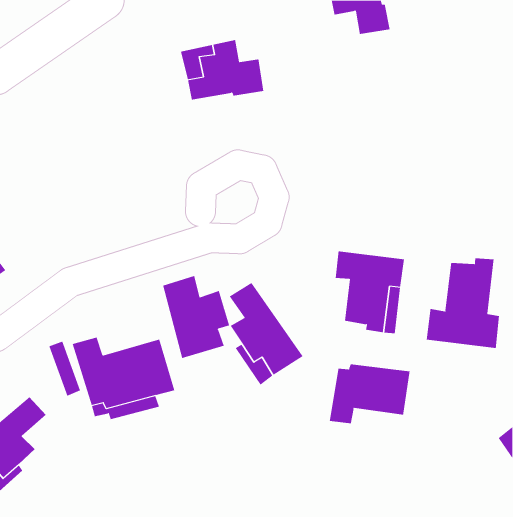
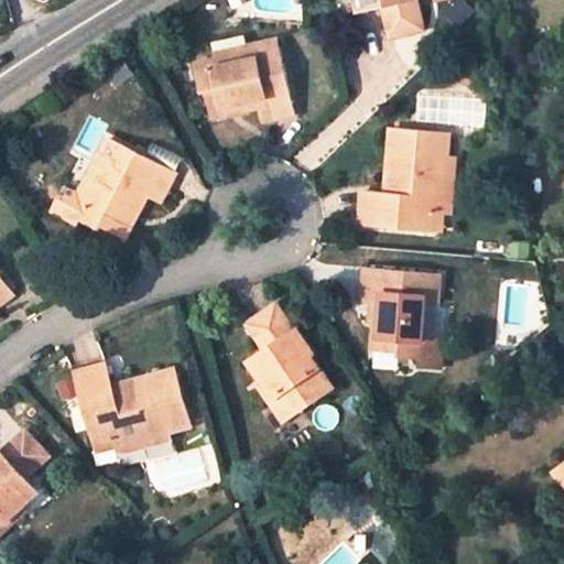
building: none -> [47,133,169,229]
building: none -> [362,133,448,231]
building: [426,258,499,349] -> none
building: [162,275,230,359] -> none
building: [329,363,410,424] -> none

